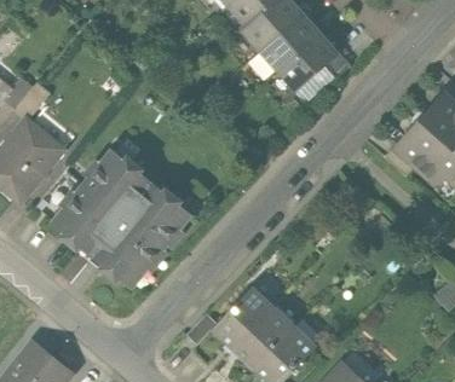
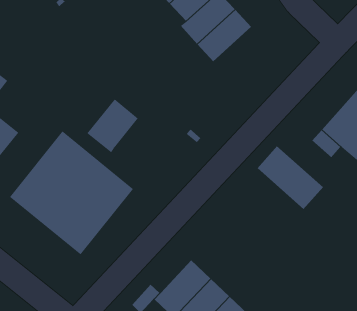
building: [277,33,338,92] -> none
building: none -> [86,99,138,153]
building: none -> [257,146,324,210]

